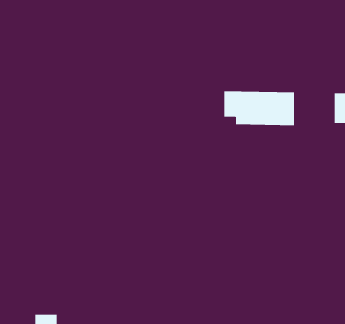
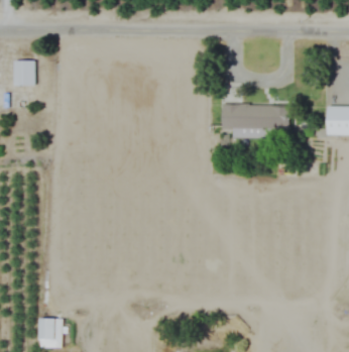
building: none -> [13,61,32,85]

